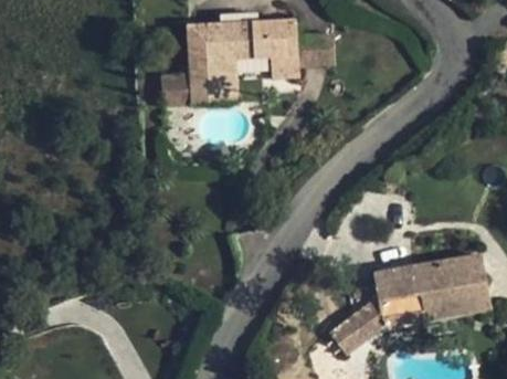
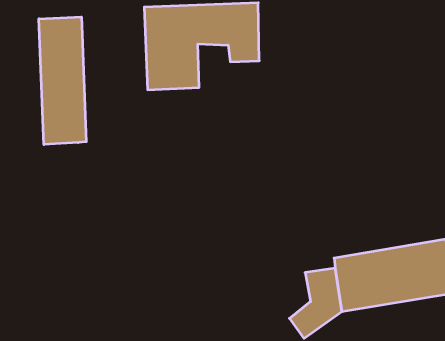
building: none -> [39,17,86,145]

